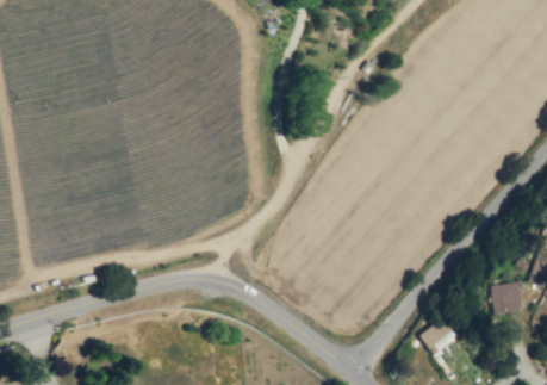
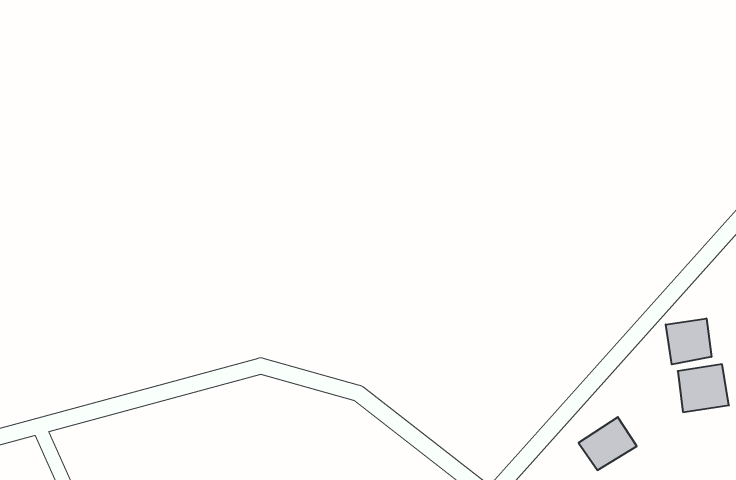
building: none -> [666,318,711,364]

